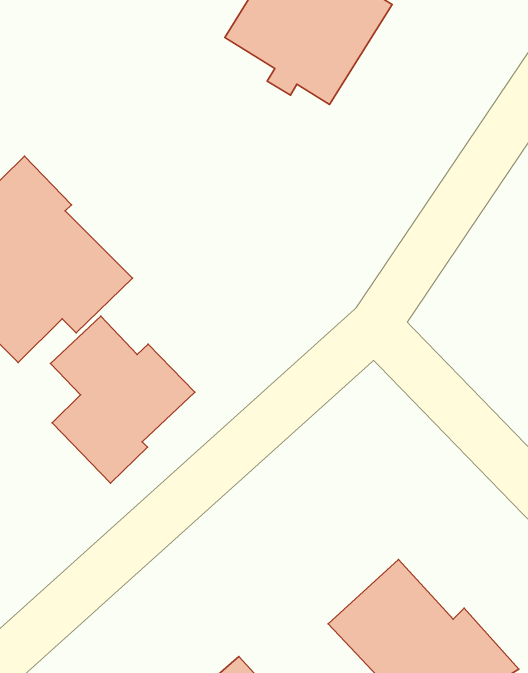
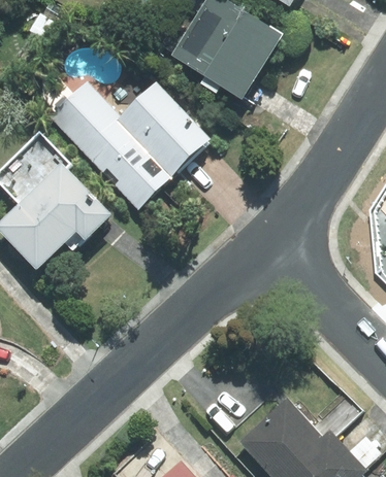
building: none -> [50,81,210,207]
building: [51,316,195,483] -> none

